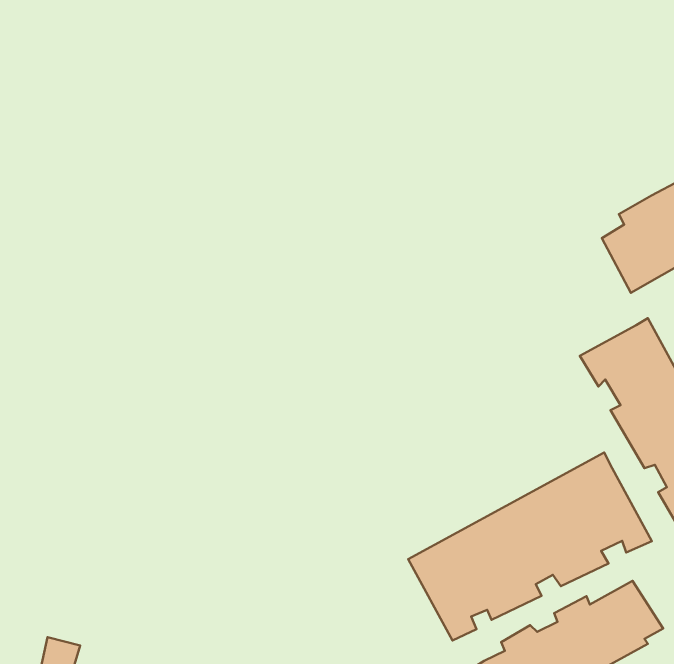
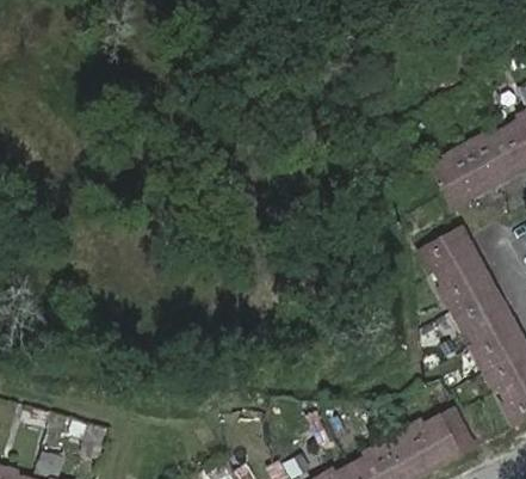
building: [408,453,652,641] -> none

